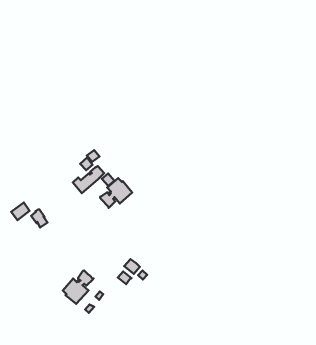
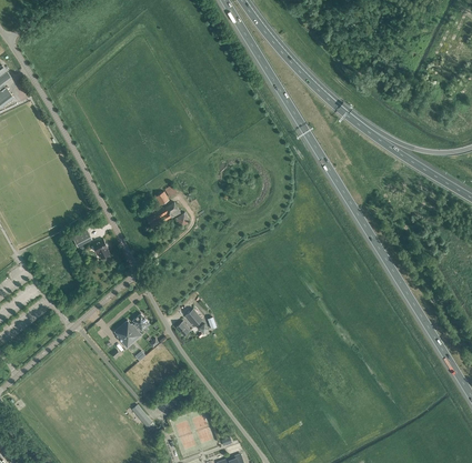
building: [100,178,132,208] -> none

